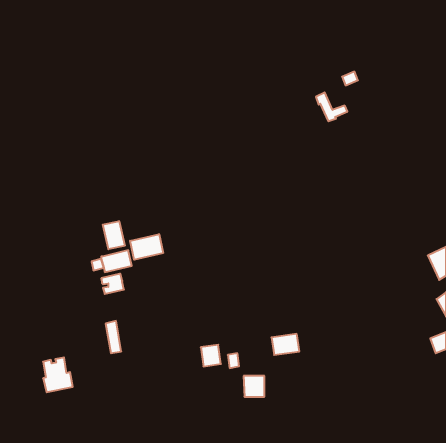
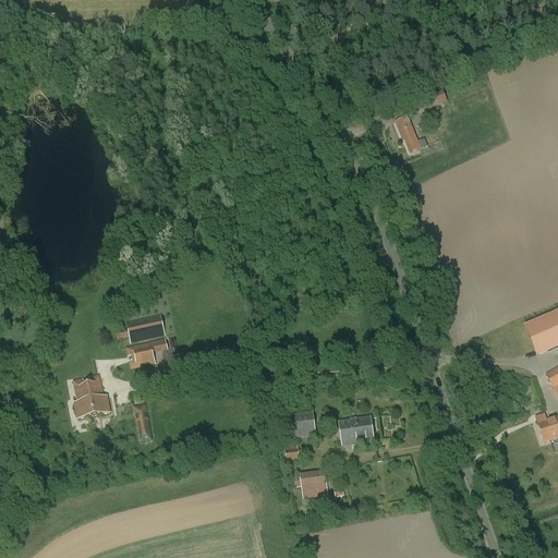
building: [103,221,125,249] -> none
building: [130,234,163,260] -> none
building: [201,345,221,366] -> [290,410,315,437]
building: [43,357,73,392] -> [73,375,110,418]

